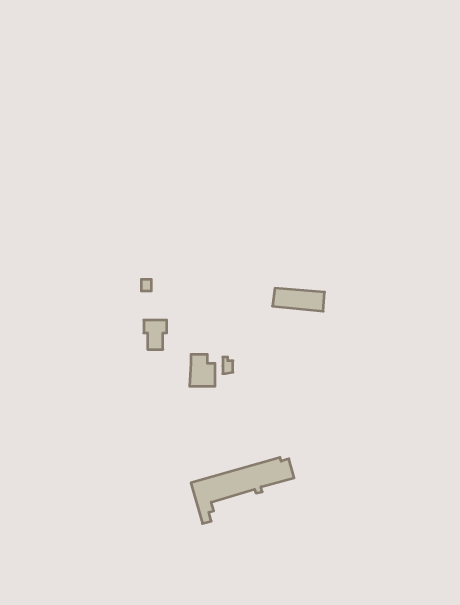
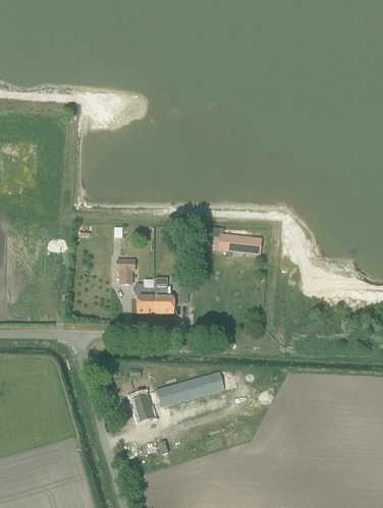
building: none -> [132,283,154,313]
building: none -> [130,392,153,422]

